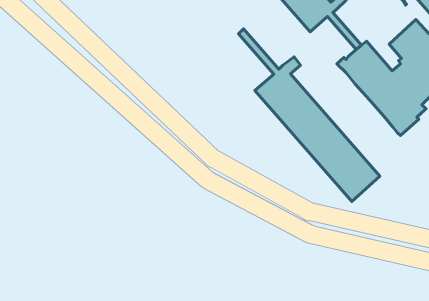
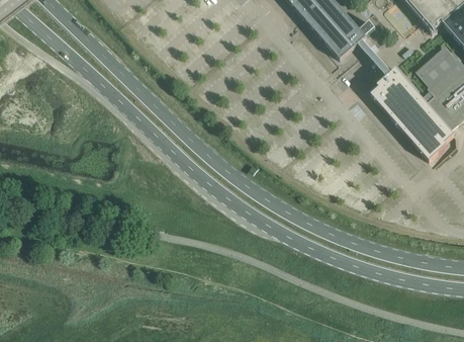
building: [239,29,380,201] -> none

